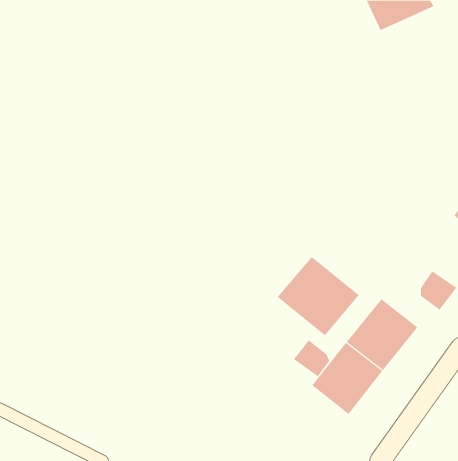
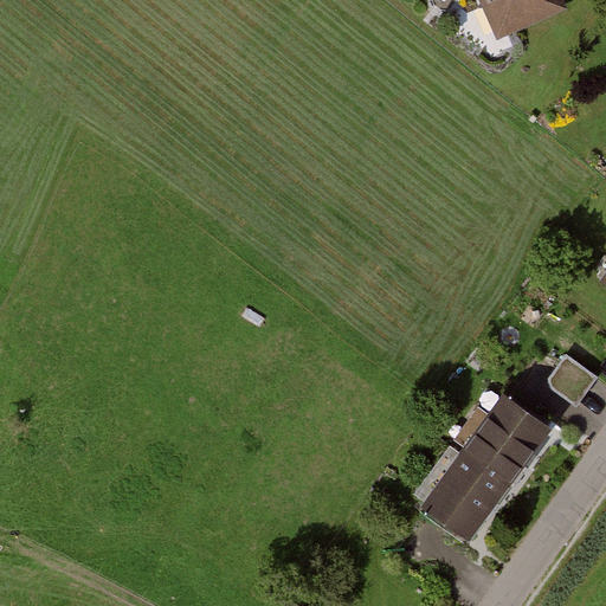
building: [277,256,360,336] -> none
building: [293,340,330,377] -> none

